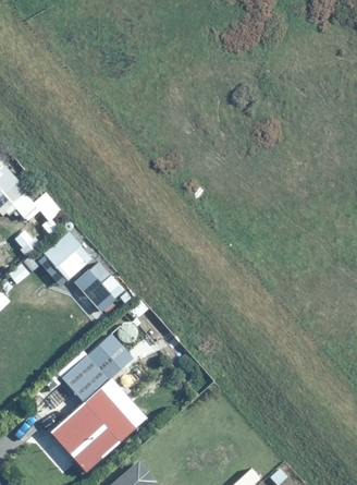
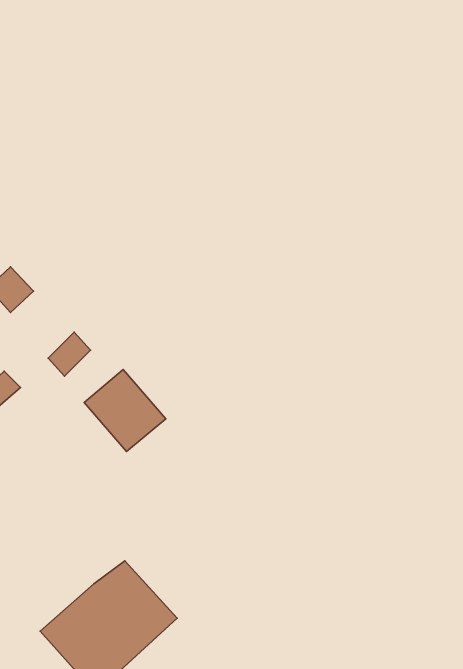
building: [60,331,134,401] -> none

